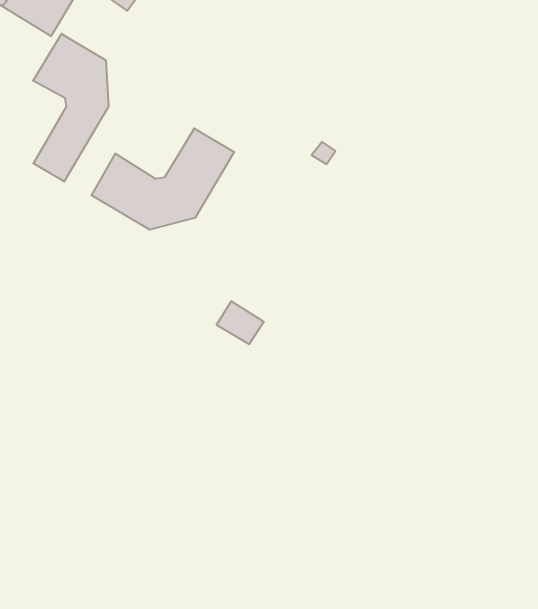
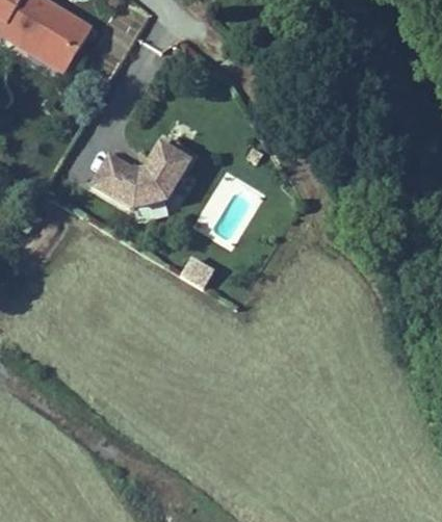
building: [33,34,109,182] -> none

